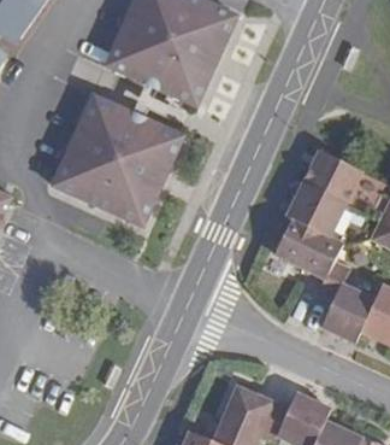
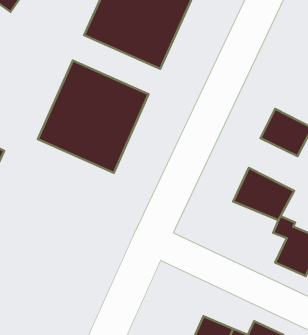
building: [289,183,347,238] -> none

